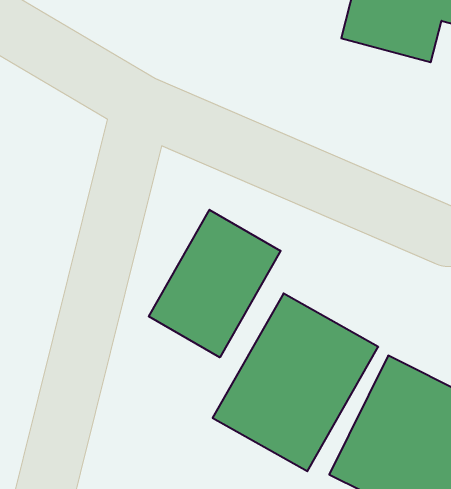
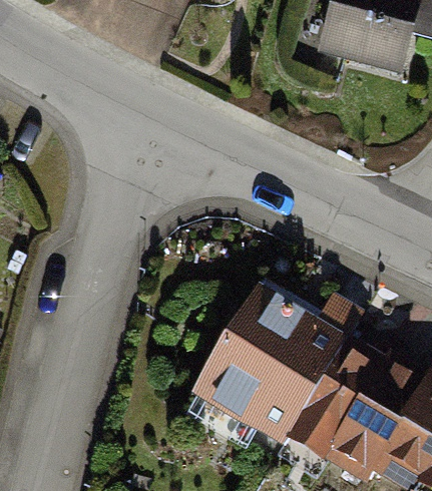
building: [149,210,281,357] -> none

